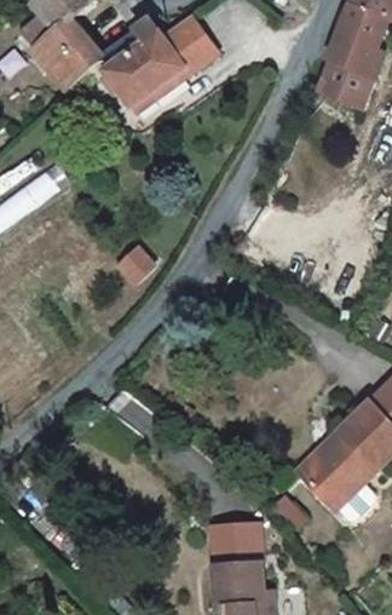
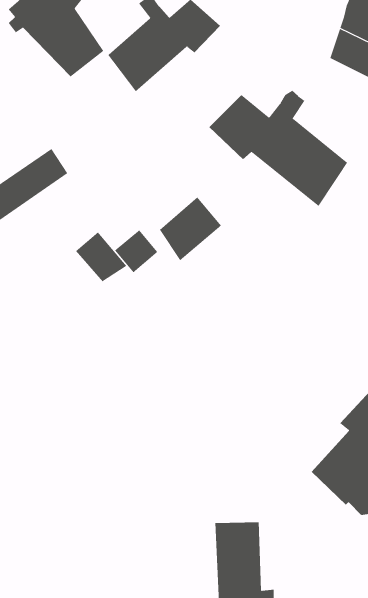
building: none -> [209,90,351,207]
building: none -> [159,196,222,261]
building: none -> [75,232,127,282]

